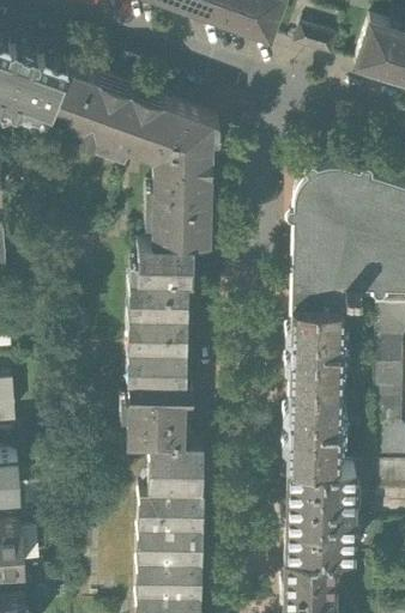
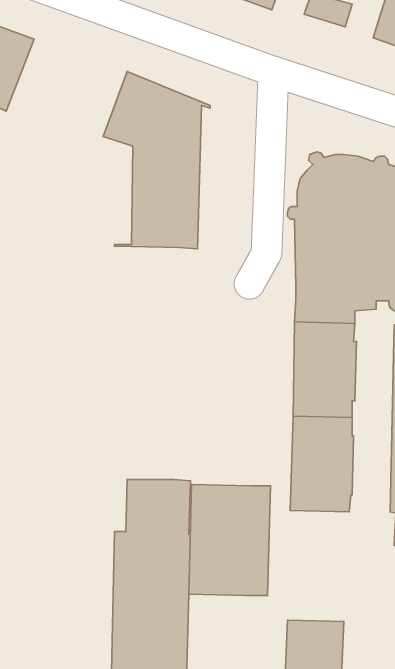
building: [46,69,149,158] -> none
building: [127,245,193,444] -> none
building: [285,471,355,565] -> [189,485,270,596]

